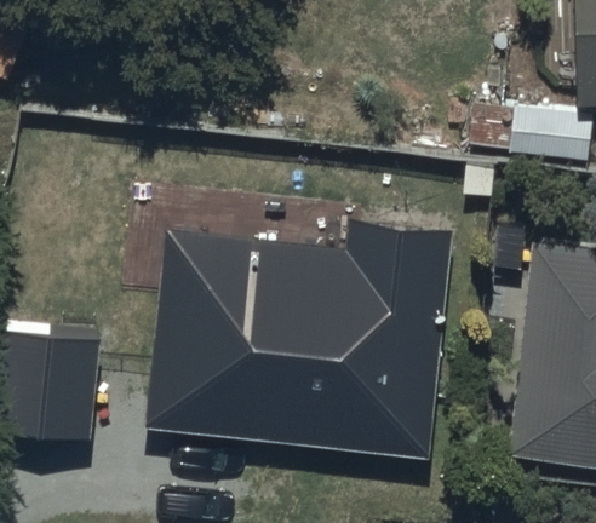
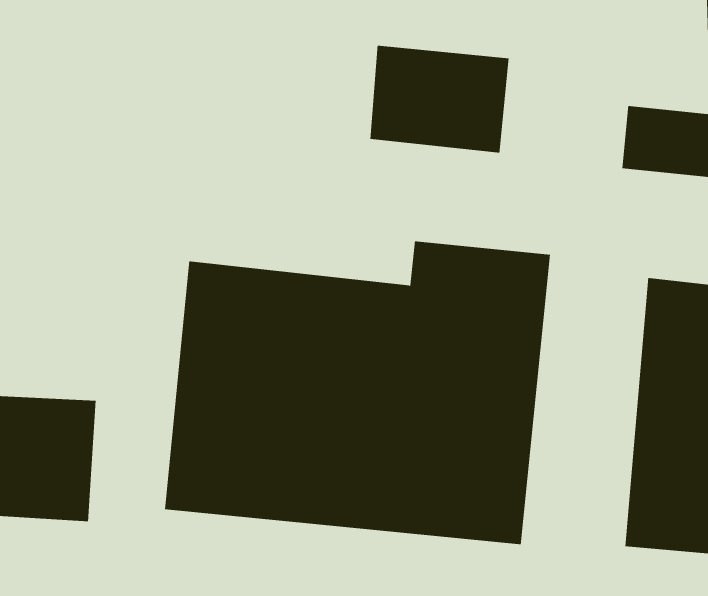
building: none -> [370,45,509,154]

